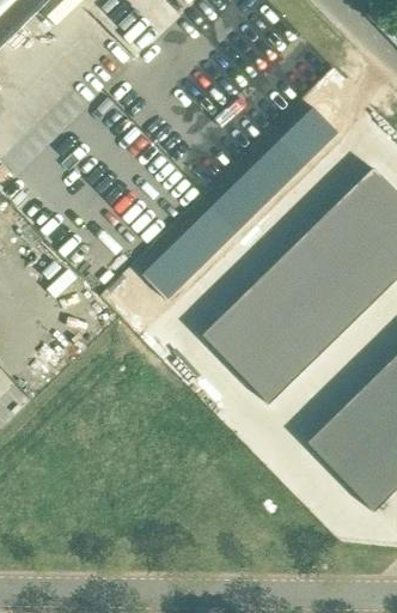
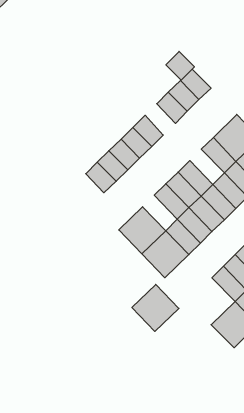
building: none -> [166,51,194,80]
building: [244,154,288,200] -> none
building: [309,220,359,272] -> none
building: [140,256,184,301] -> none
building: [240,287,291,339] -> none
building: [306,407,374,475] -> [132,284,179,331]

